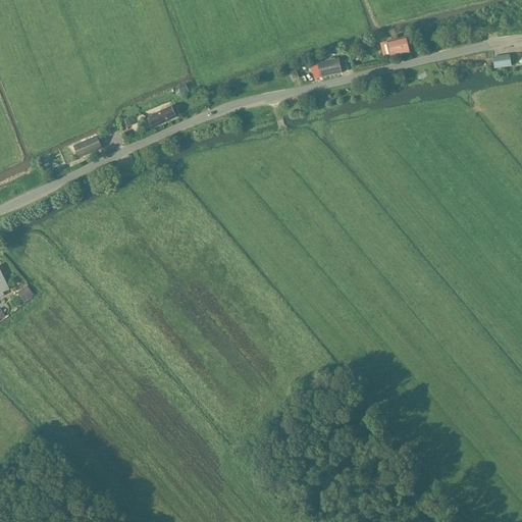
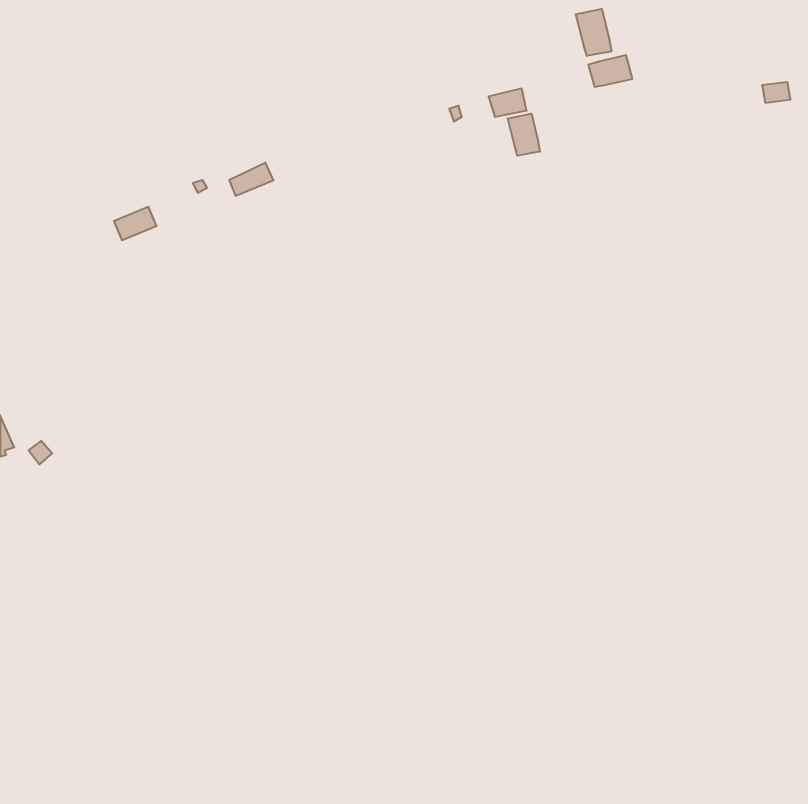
building: none -> [576,9,611,56]
building: none -> [508,114,540,156]

